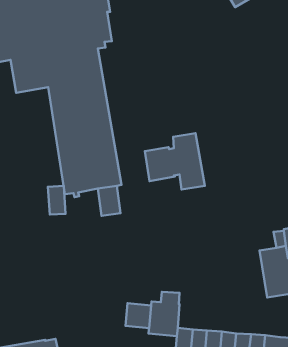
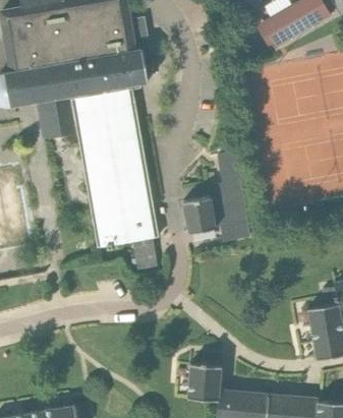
building: [48,186,65,215] -> none
building: [126,303,151,328] -> none

